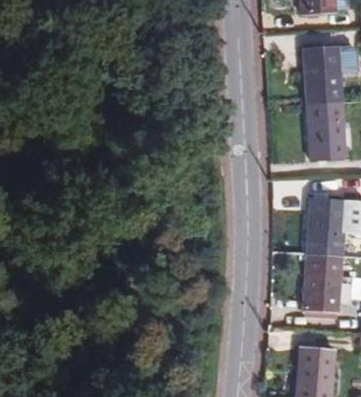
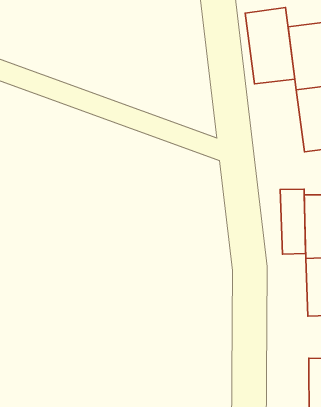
building: none -> [245,7,295,84]
building: none -> [280,189,306,254]

